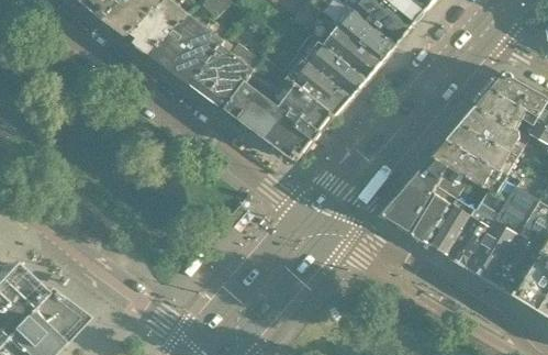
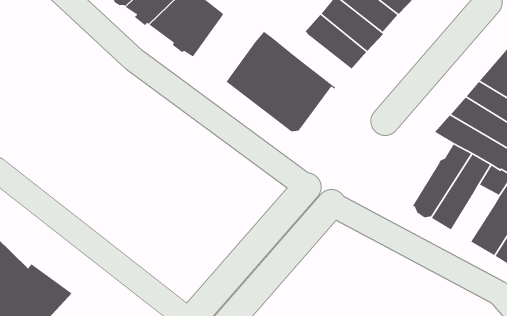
building: [192,43,260,109] -> none
building: [270,46,348,114] -> none
building: [383,158,448,231] -> none
building: [446,210,493,266] -> none

